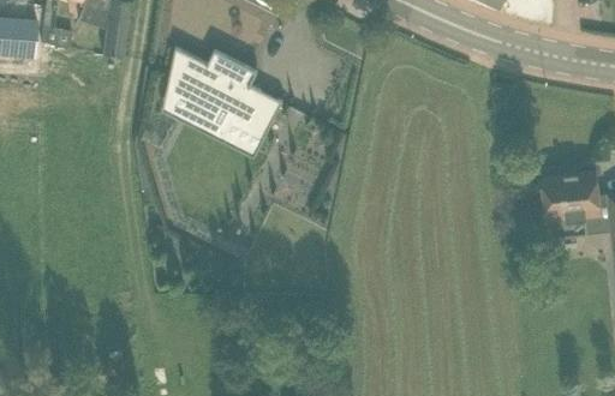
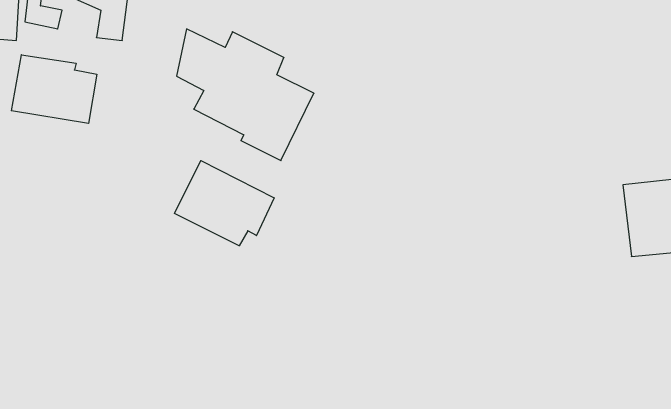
building: none -> [11,55,97,123]
building: none -> [175,161,274,246]

